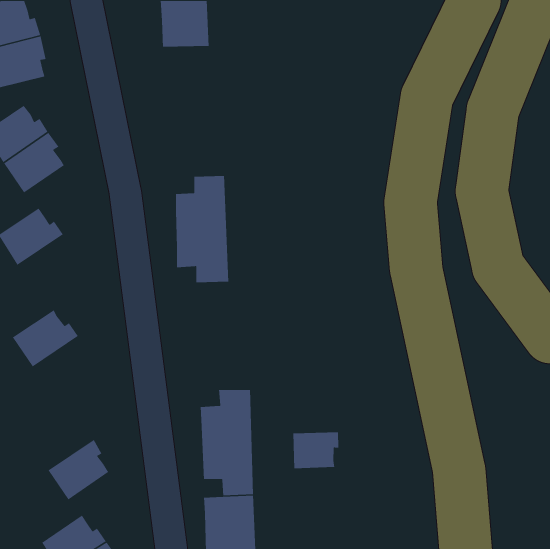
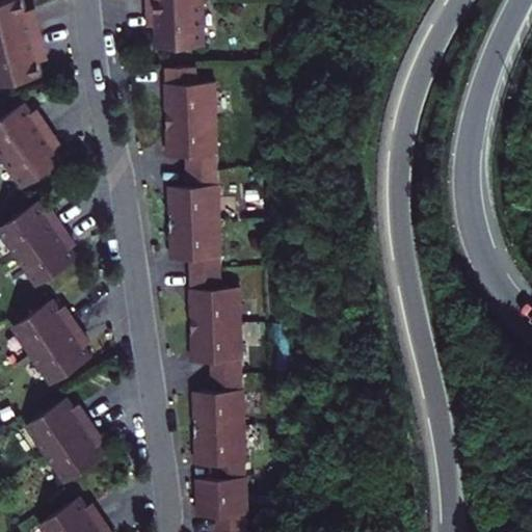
building: none -> [164,69,216,172]
building: none -> [17,229,77,288]
building: none -> [188,274,241,377]
building: none -> [31,326,91,387]
building: none -> [26,399,90,455]
building: [292,431,339,469] -> none

